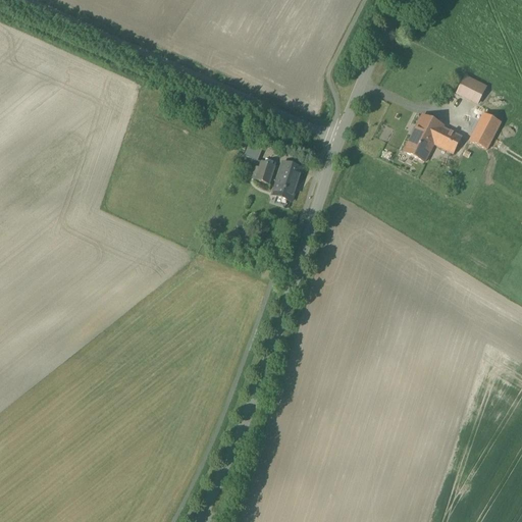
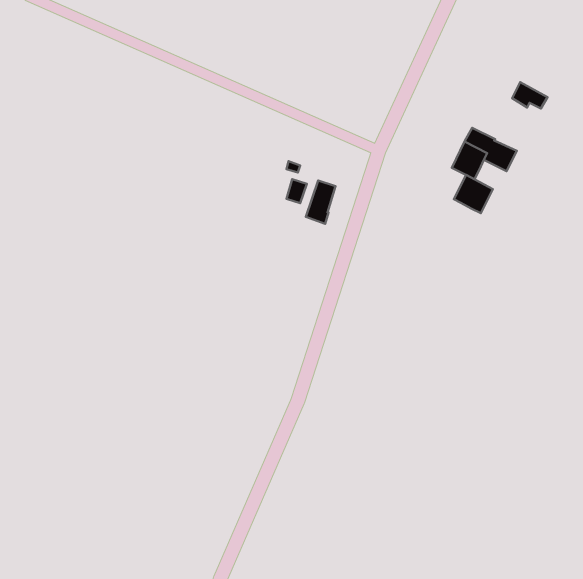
building: [469,111,501,148] -> none
building: none -> [454,175,493,213]

